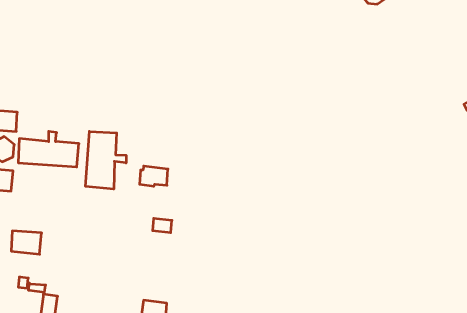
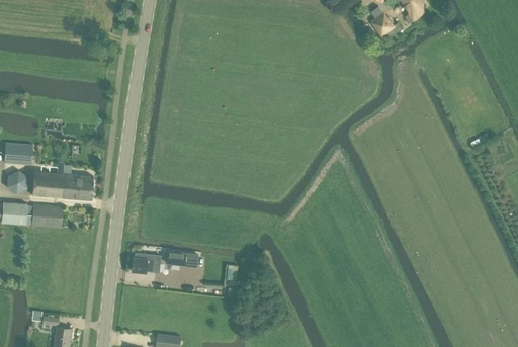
building: [86,131,126,189] -> none
building: [140,166,168,186] -> [132,253,160,273]
building: [11,231,42,254] -> [31,204,62,228]

